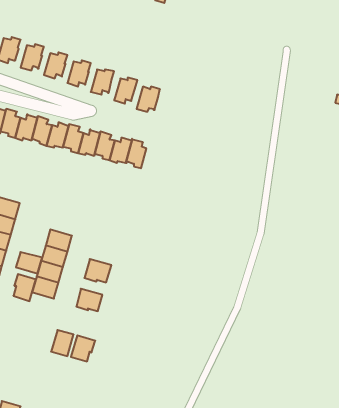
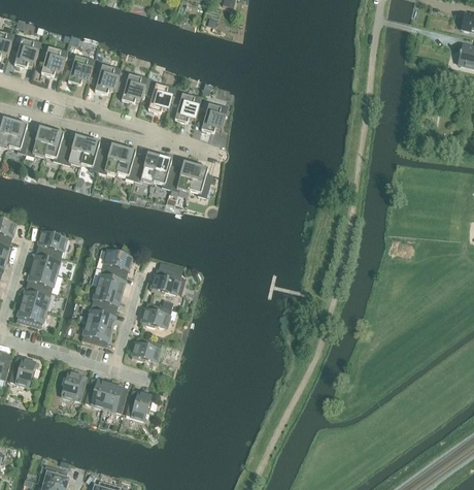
building: none -> [150,268,181,294]
building: [16,252,42,274] -> [102,250,132,274]
building: [13,274,36,301] -> [62,370,88,401]
building: none -> [84,378,110,407]

